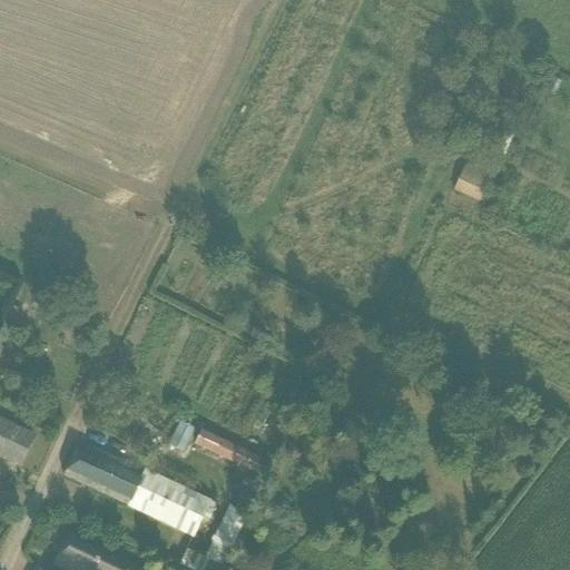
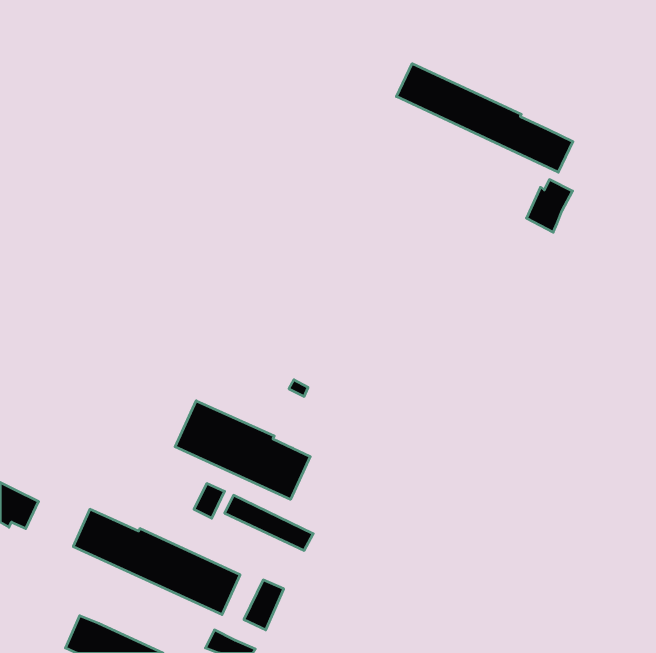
building: none -> [396,64,573,172]
building: none -> [175,401,310,499]

